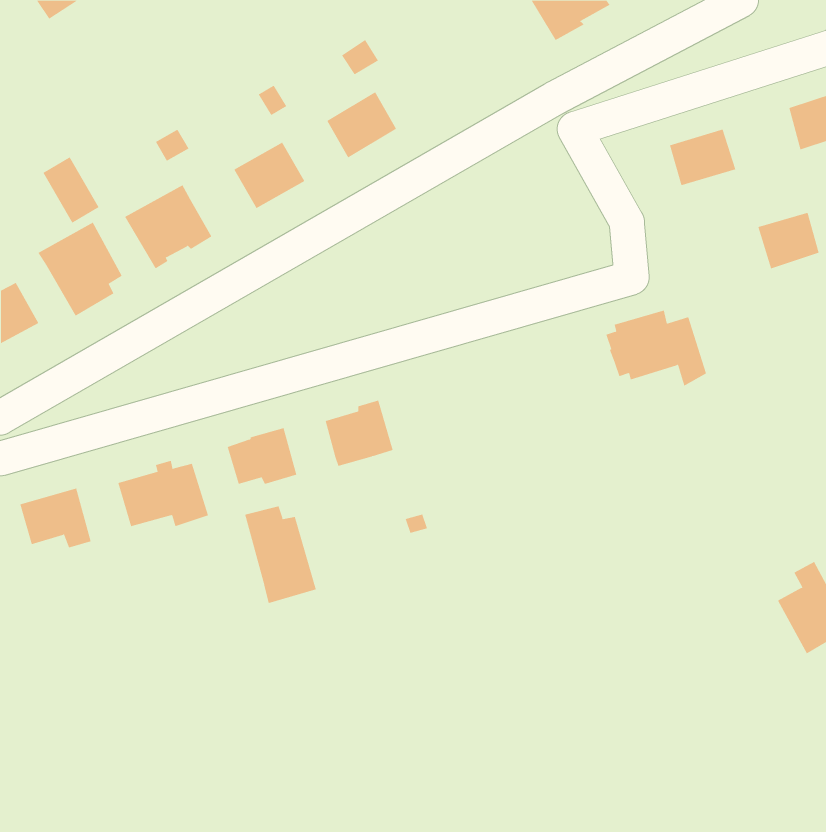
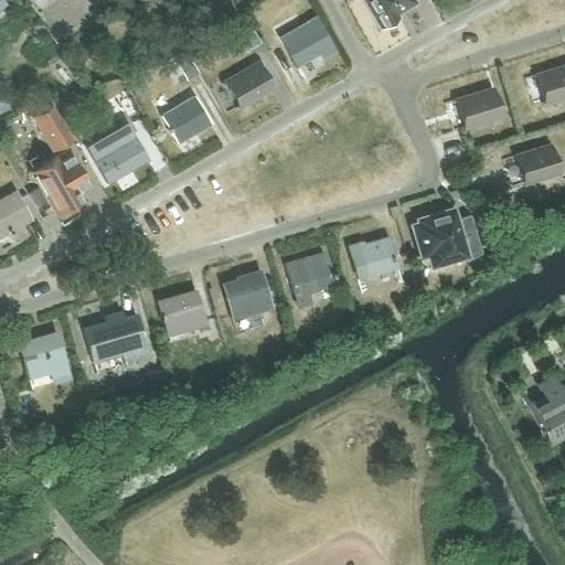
building: none -> [282,18,335,67]
building: none -> [350,238,397,280]
building: none -> [286,253,333,307]
building: [244,506,317,604] -> none

